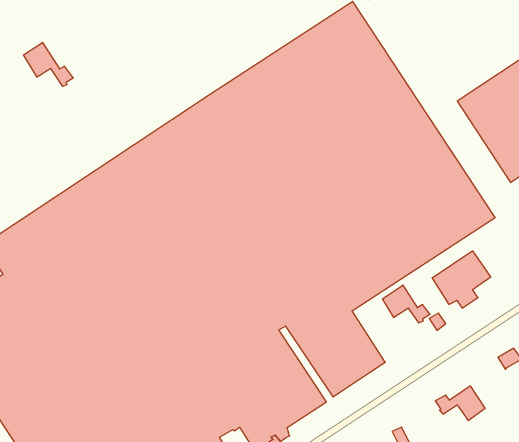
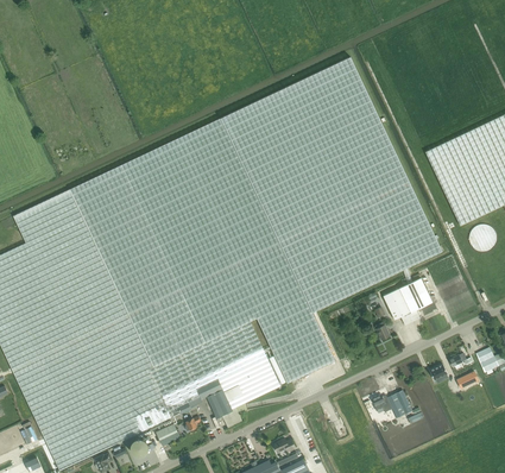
building: [24,42,73,86] -> none
building: [383,285,430,323] -> none

